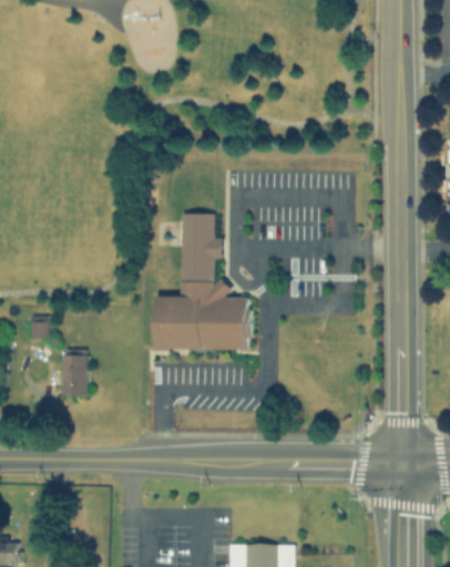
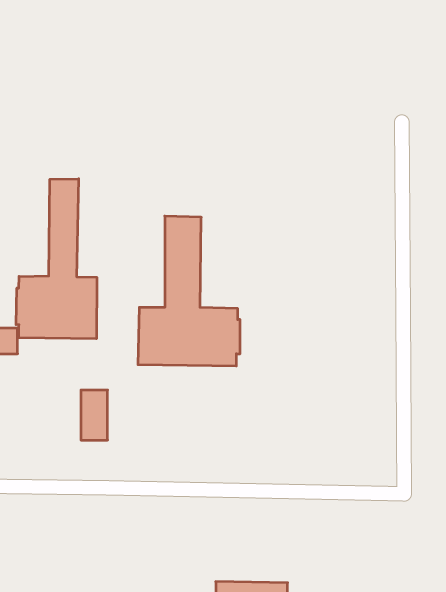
building: none -> [16,179,97,339]
building: [63,350,88,395] -> [81,390,108,440]

